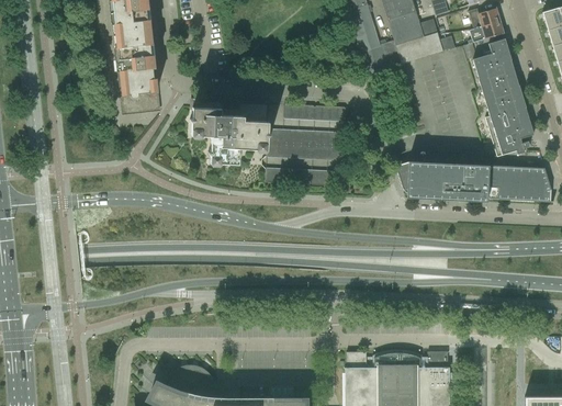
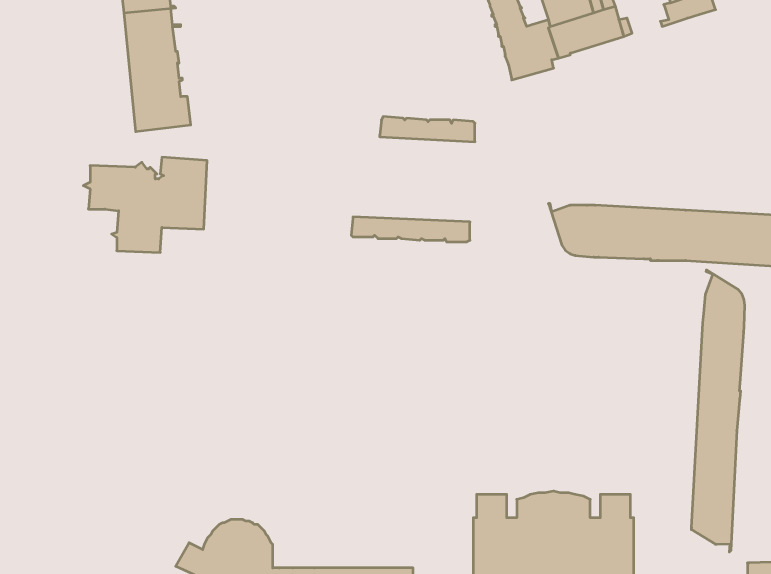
building: [473,38,533,156] -> none
building: [188,101,269,163] -> [83,157,207,252]
building: [281,131,345,159] -> none
building: none -> [691,270,745,552]

